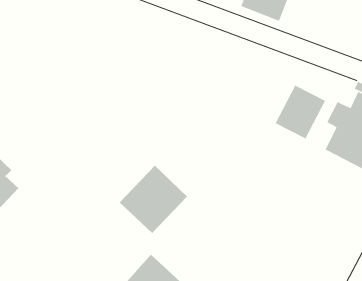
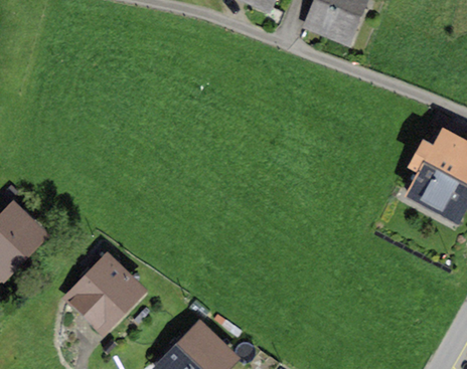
building: [275,84,326,140] -> none
building: [119,165,188,234] -> [63,253,145,335]

